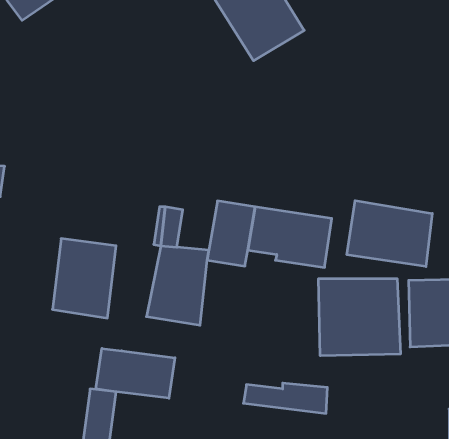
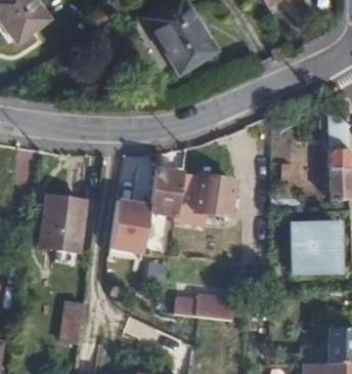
building: [347,201,432,267] -> none
building: [319,279,400,356] -> none
building: [96,348,175,398] -> none

